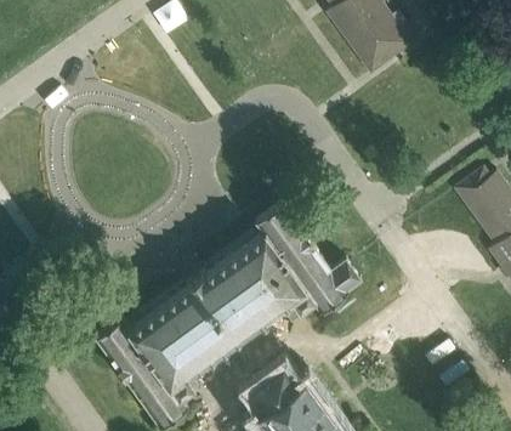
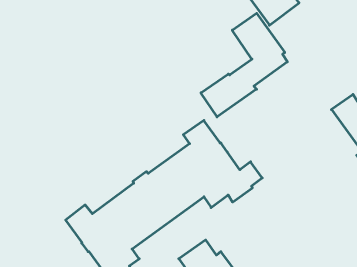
building: none -> [201,13,287,117]

